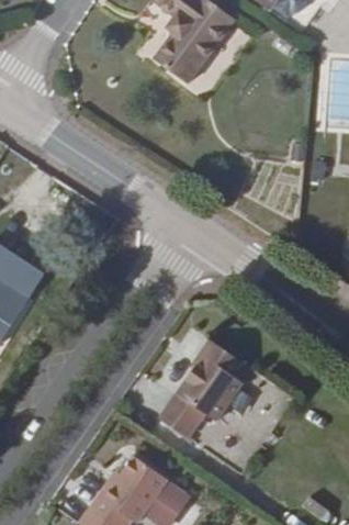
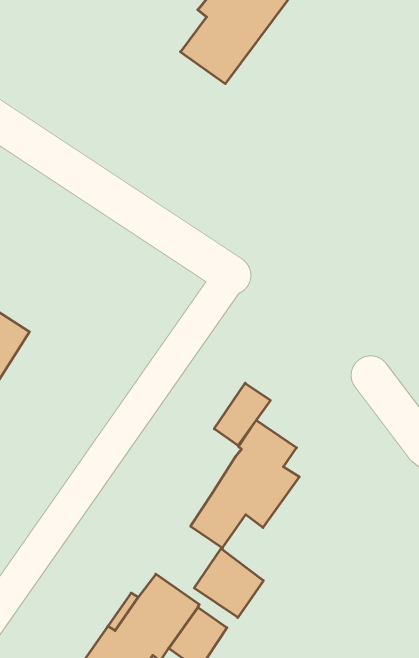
building: none -> [214,383,270,445]
building: none -> [194,549,263,618]

